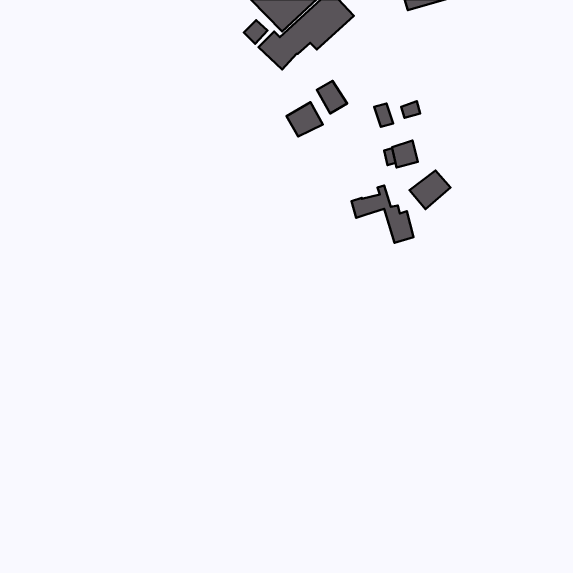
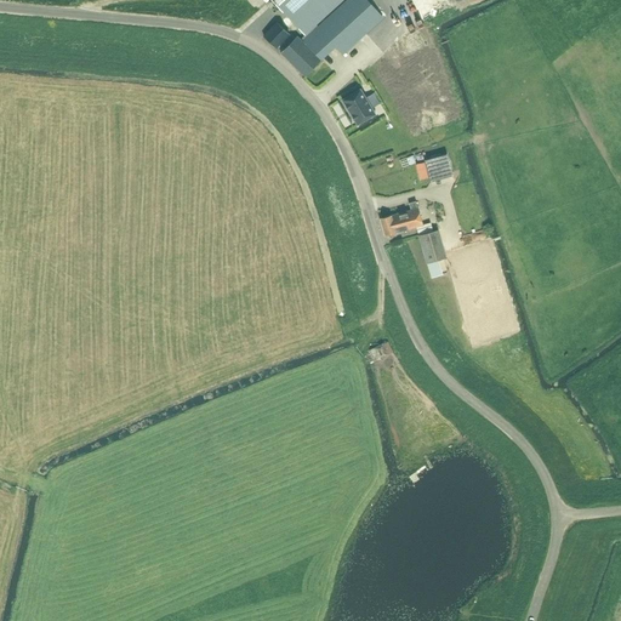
building: [286,102,323,136] -> none
building: [410,170,450,209] -> none

